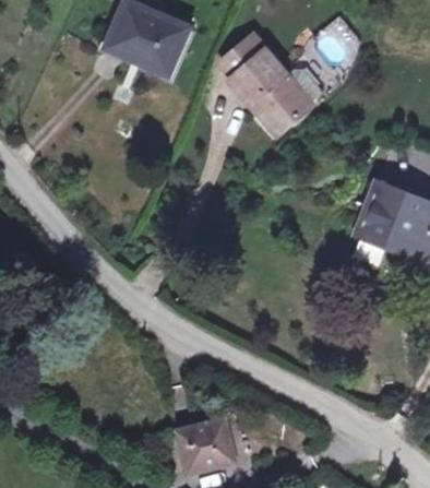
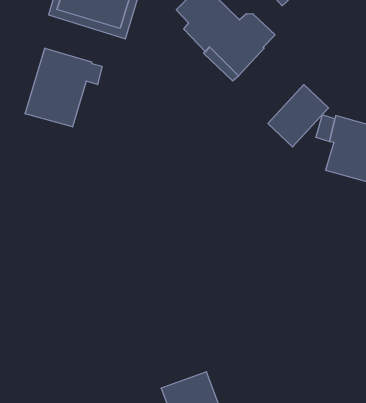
building: none -> [25,48,102,127]
building: none -> [268,85,329,147]

